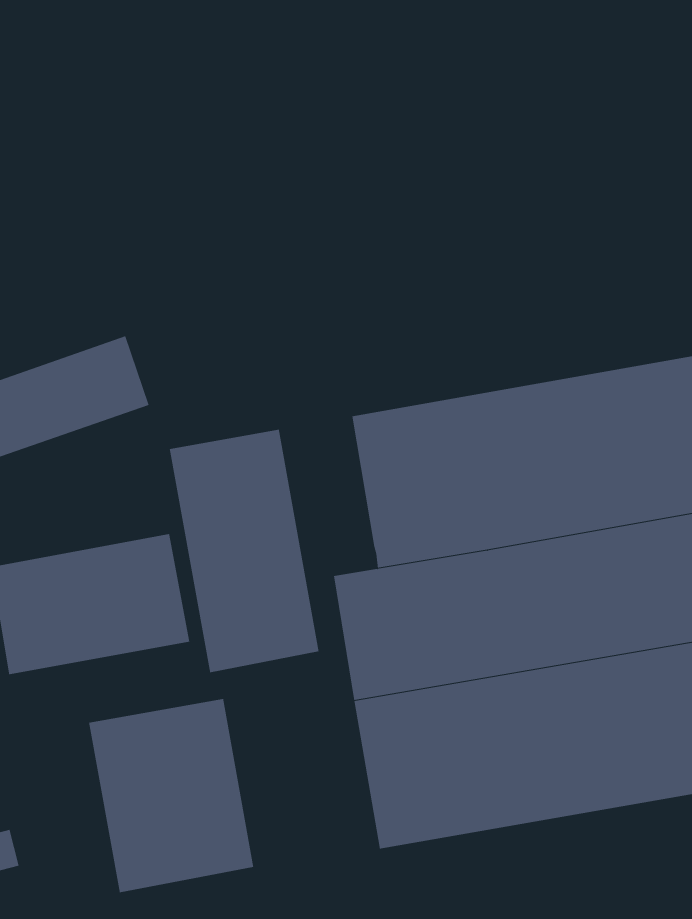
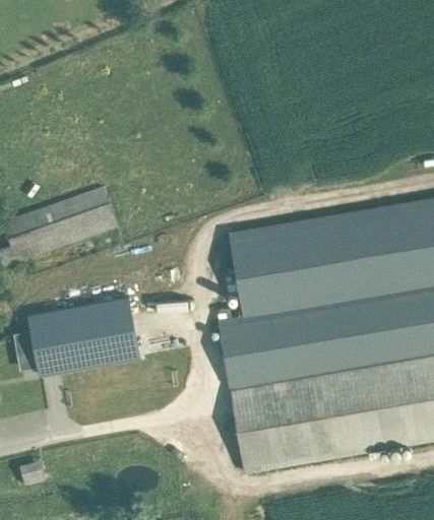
building: [169,429,319,673] -> none
building: [88,698,254,893] -> none

